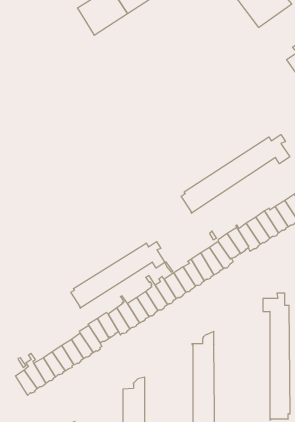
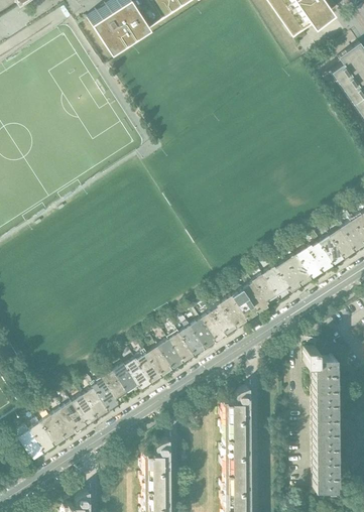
building: [181,135,290,213] -> none
building: [71,242,165,308] -> none

